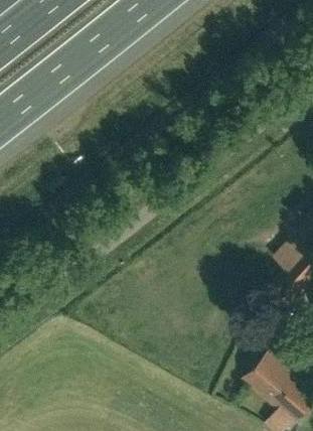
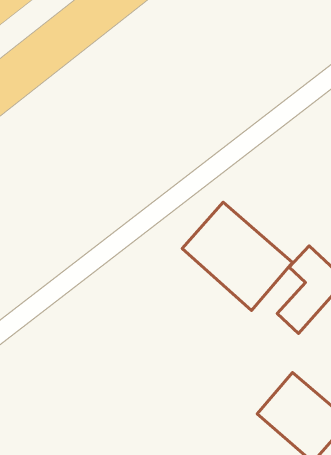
building: none -> [182,202,292,310]

